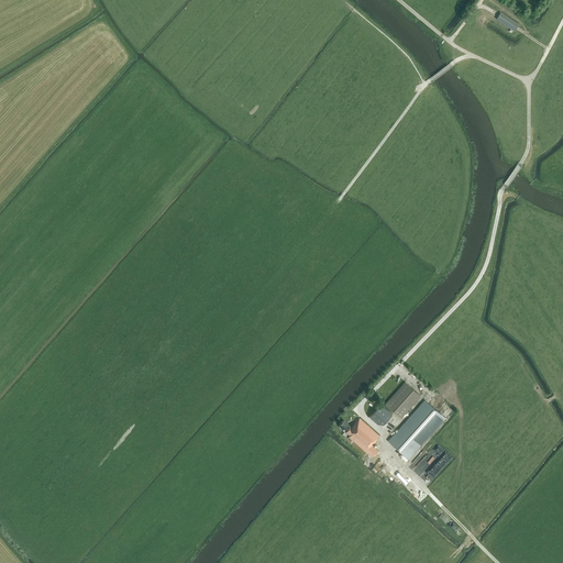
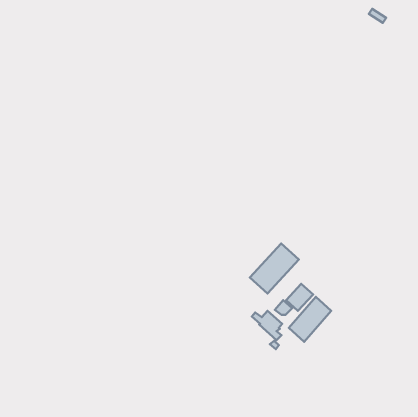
building: none -> [250,244,299,294]

